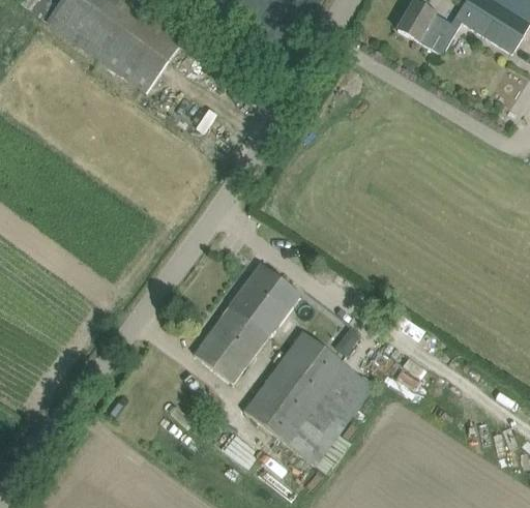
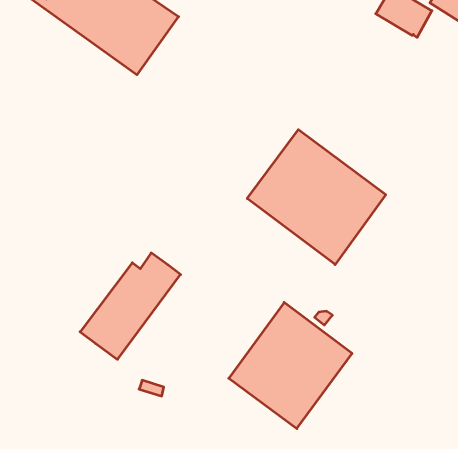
building: none -> [247,130,386,265]
building: [194,269,299,381] -> [80,253,181,359]

